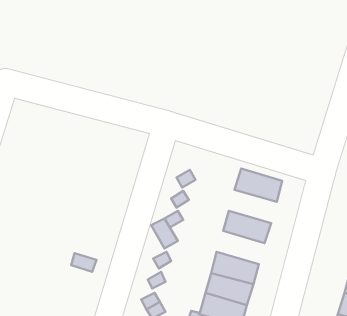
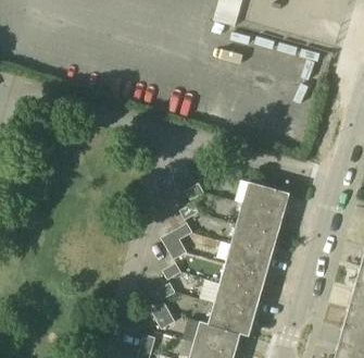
building: none -> [237,201,284,234]
building: none -> [225,242,272,274]

